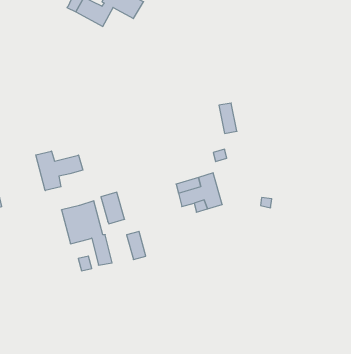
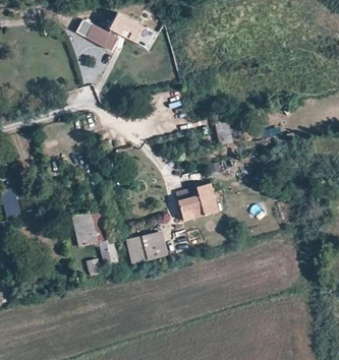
building: [36,151,83,191] -> none
building: [101,192,125,224] -> [142,232,163,260]

